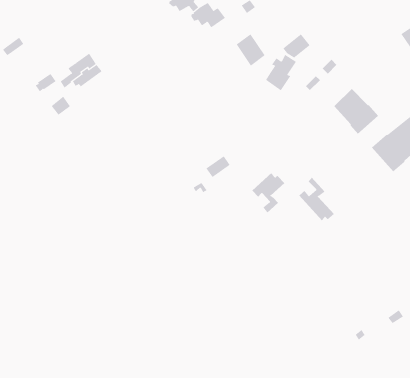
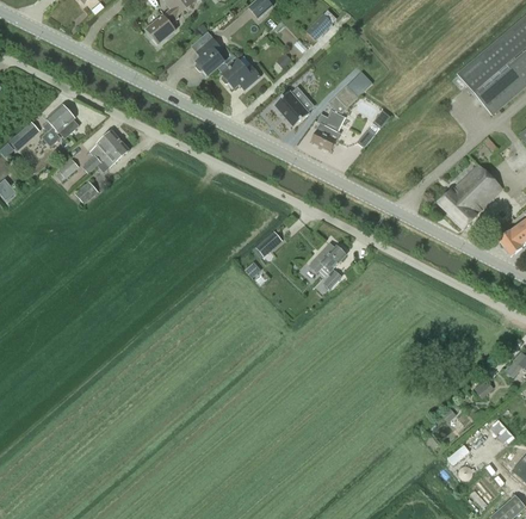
building: none -> [43,104,79,142]
building: [334,88,379,134] -> none
building: [299,177,335,221] -> none

